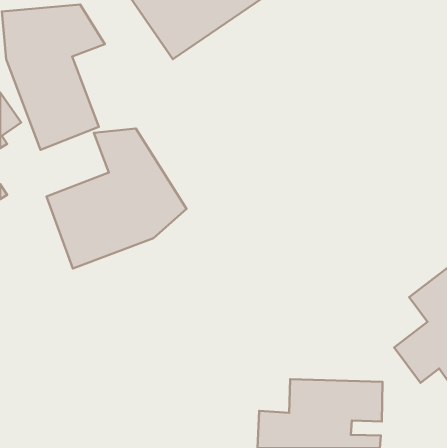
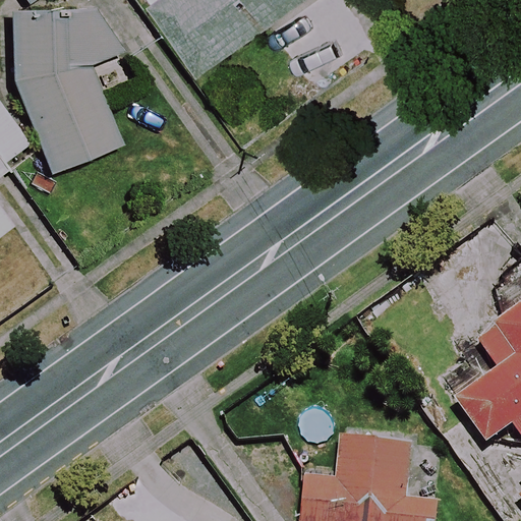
building: [46,129,186,269] -> none

